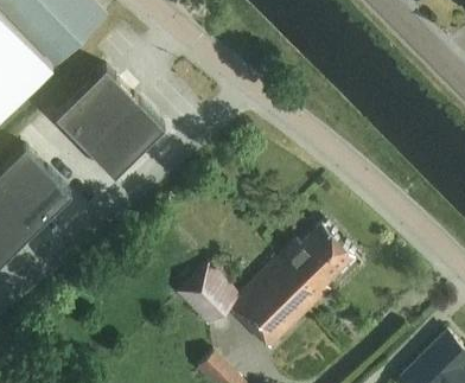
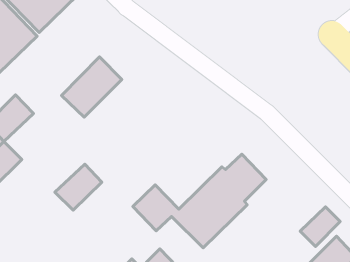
building: [56,66,134,146] -> none
building: [8,170,70,230] -> [55,164,102,210]
building: none -> [300,207,340,247]

